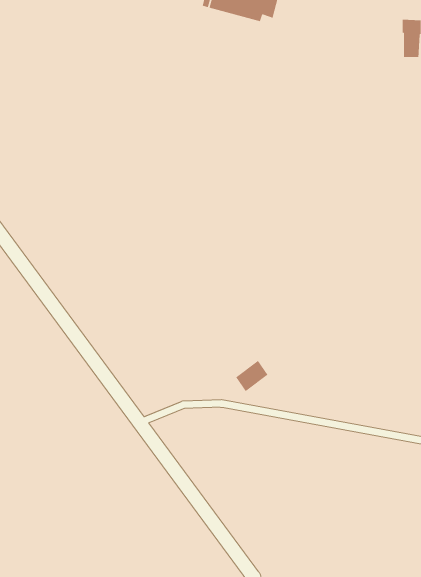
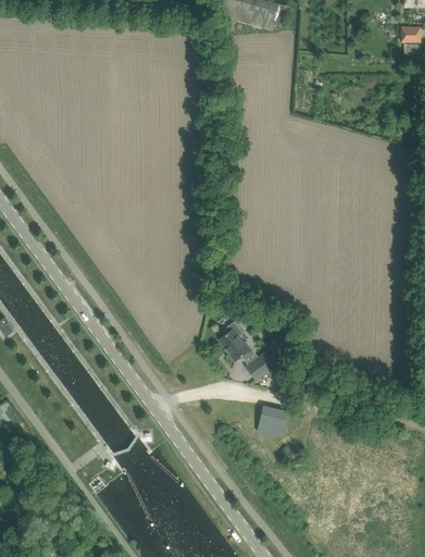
building: none -> [217,322,247,359]
building: none -> [255,405,287,436]

